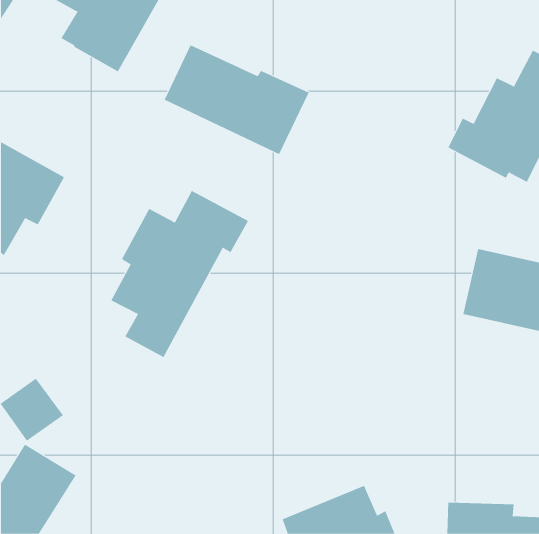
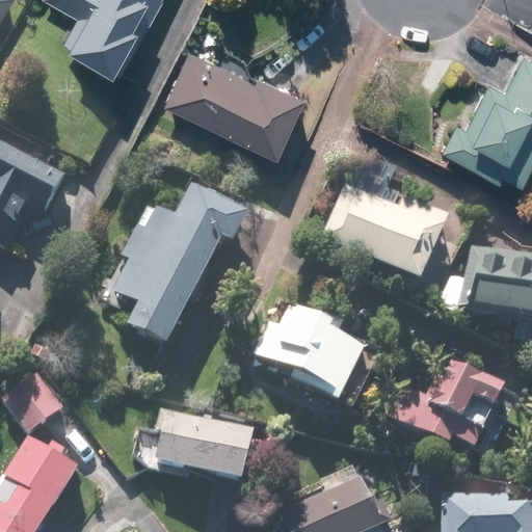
building: none -> [320,182,449,284]
building: none -> [255,304,364,404]
building: none -> [389,365,501,450]
building: none -> [149,407,255,484]

